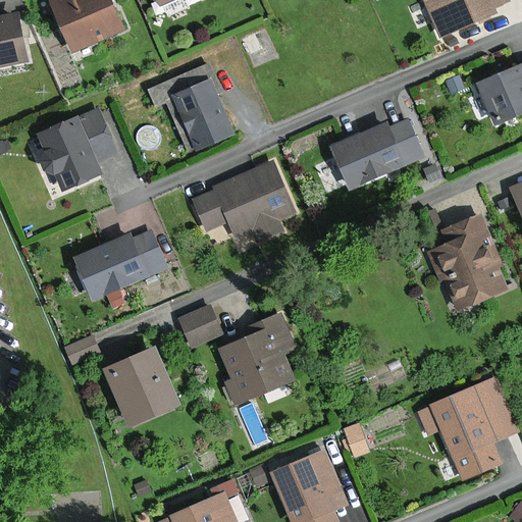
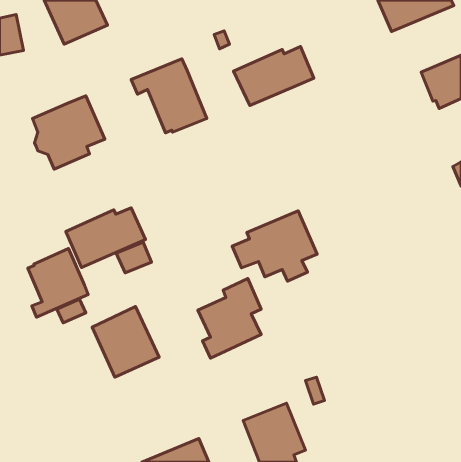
building: [331,120,422,187] -> [233,47,314,105]
building: [198,162,294,242] -> [232,211,317,281]
building: [432,217,508,310] -> none
building: none -> [28,248,88,317]
building: [179,308,219,343] -> [116,242,151,273]
building: [419,380,514,478] -> none

